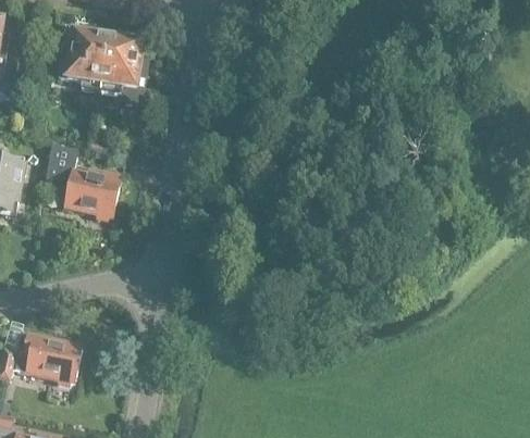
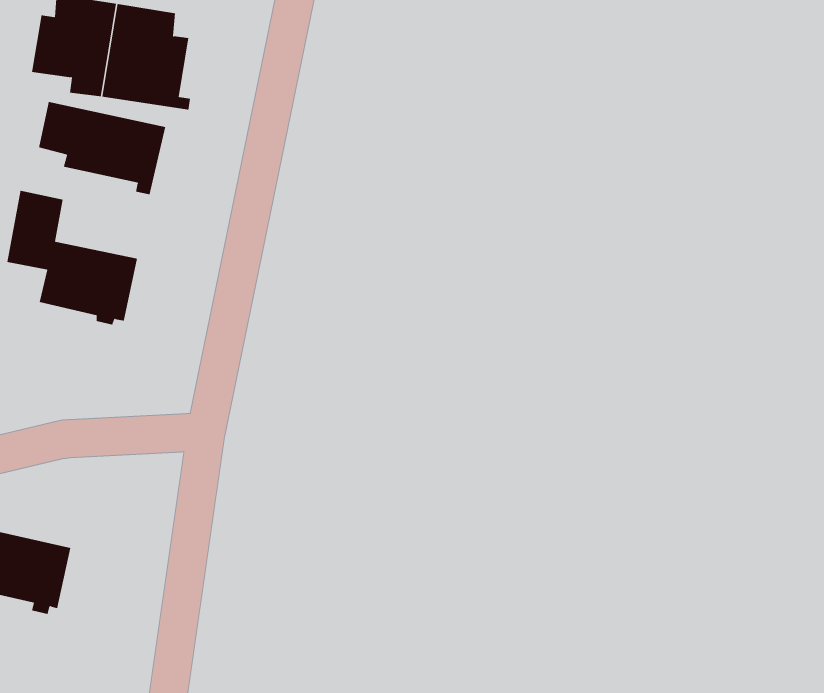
building: none -> [38,101,166,195]

